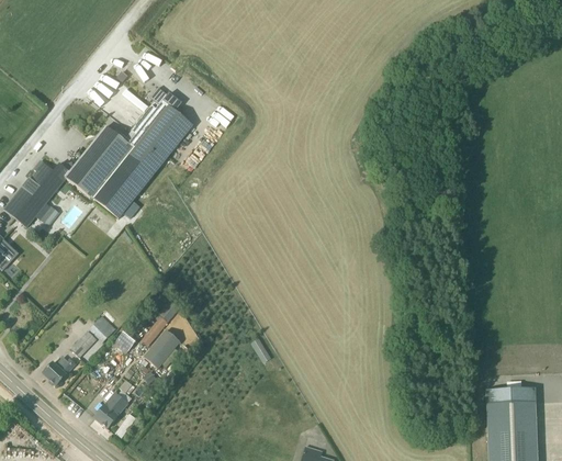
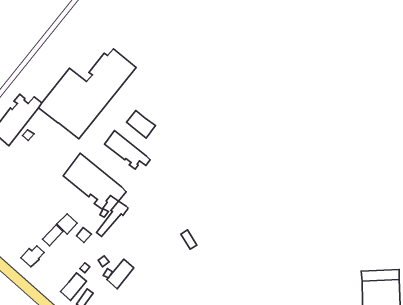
building: none -> [126,110,156,138]
building: none -> [105,131,150,169]
building: none -> [63,153,126,209]
building: [144,330,179,369] -> [107,259,134,289]

